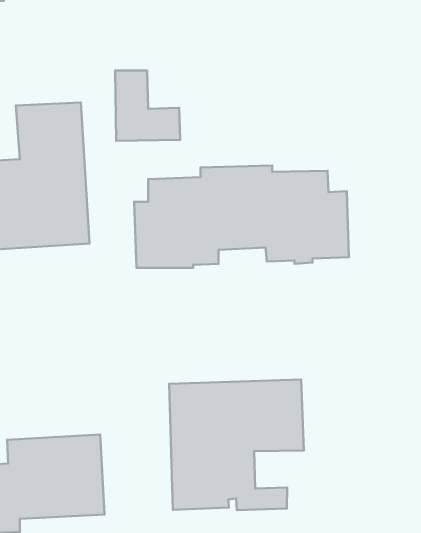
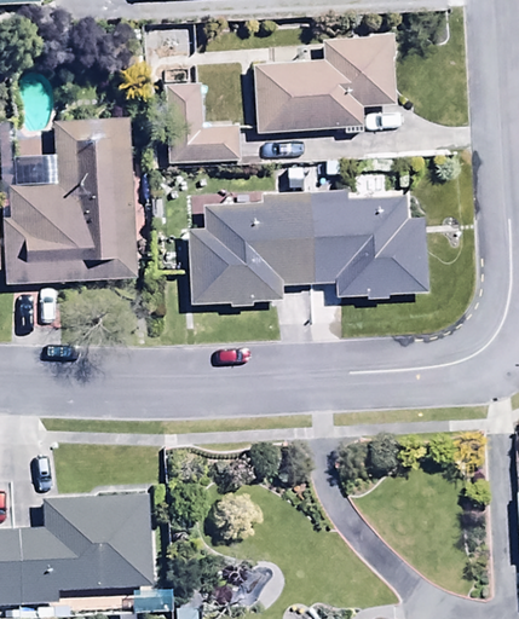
building: none -> [255,37,396,131]
building: [169,379,304,510] -> none

